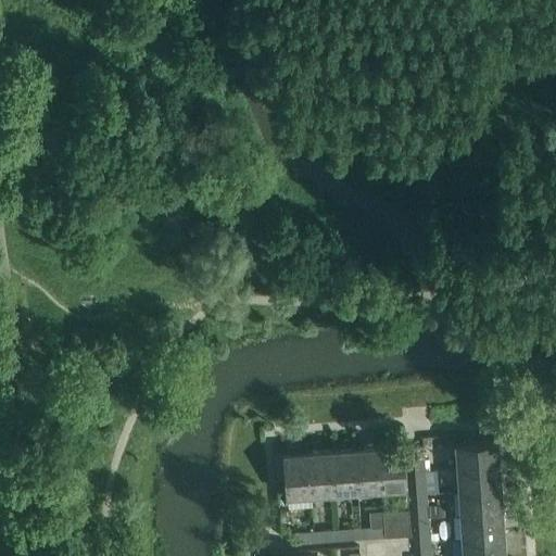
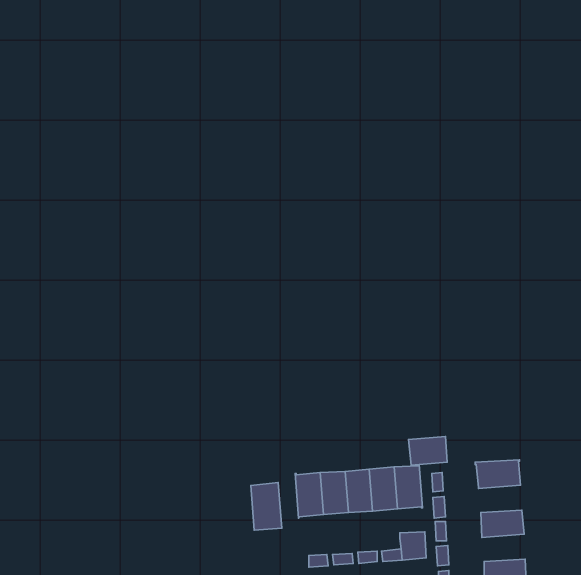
building: none -> [408,437,447,465]
building: none -> [251,483,282,530]
building: [456,469,497,495] -> none
building: [459,516,501,542] -> none

